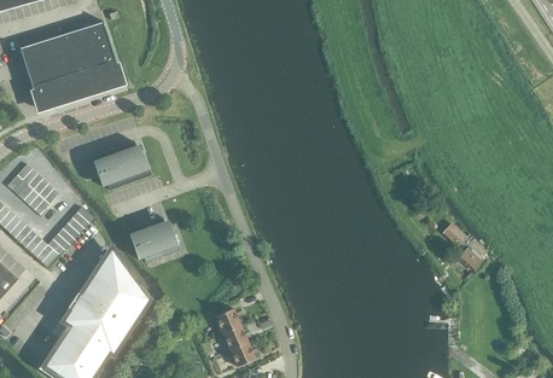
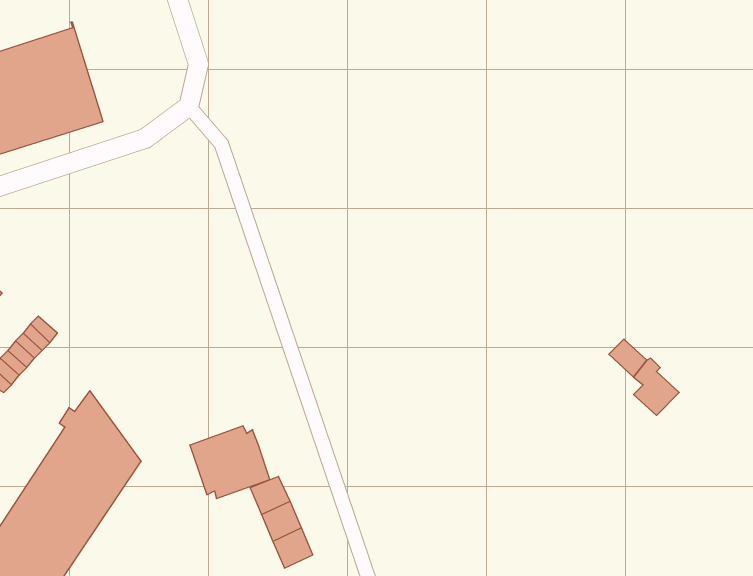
building: [91,140,150,190] -> none
building: [127,216,177,262] -> [190,426,270,499]

